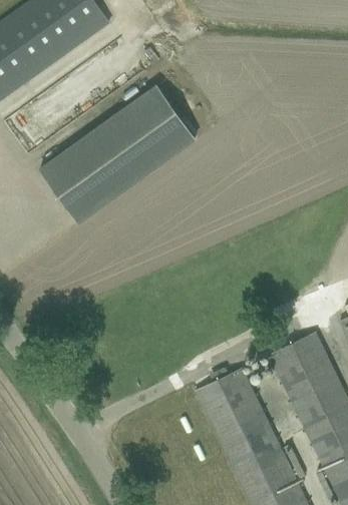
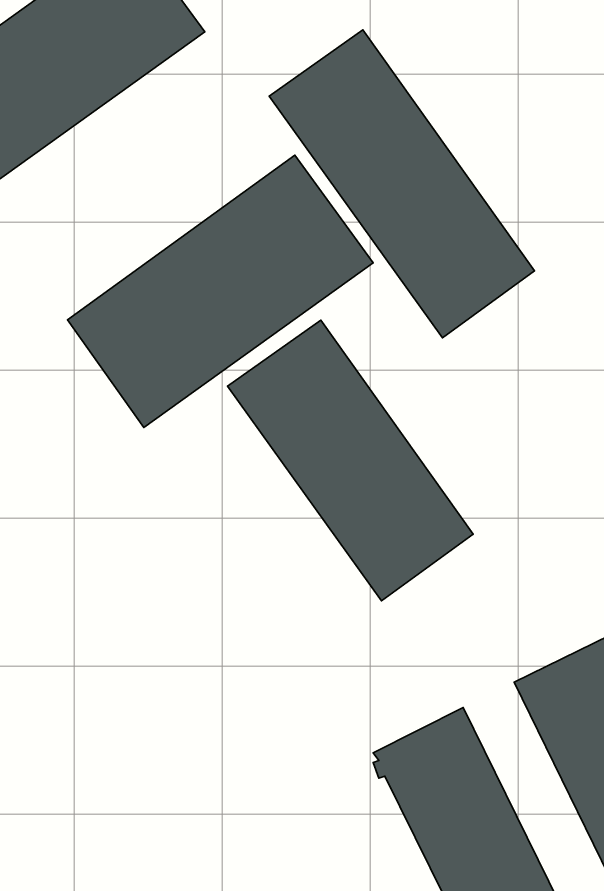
building: none -> [269,30,534,338]
building: none -> [227,320,473,601]

